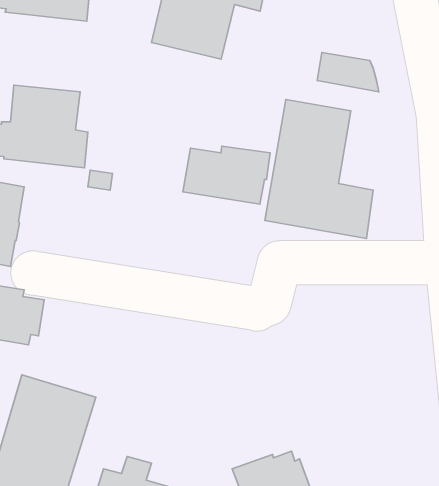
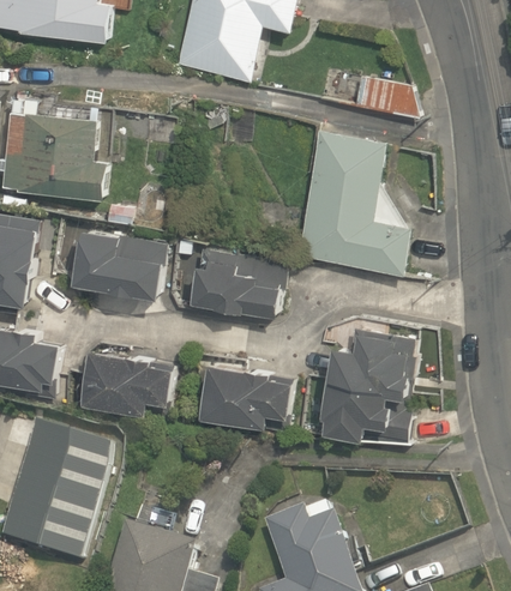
building: [183,146,270,204] -> [191,254,284,316]
building: none -> [72,229,166,297]
building: none -> [320,327,416,439]
building: none -> [80,349,173,415]
building: none -> [199,362,293,428]

